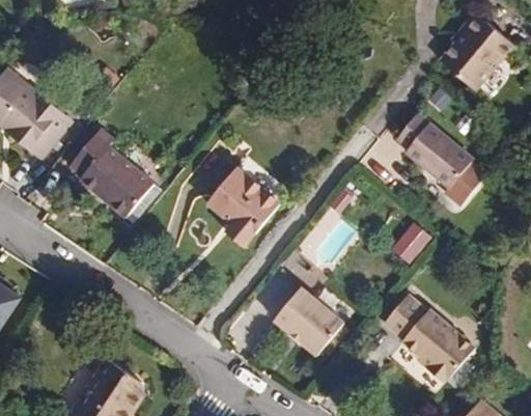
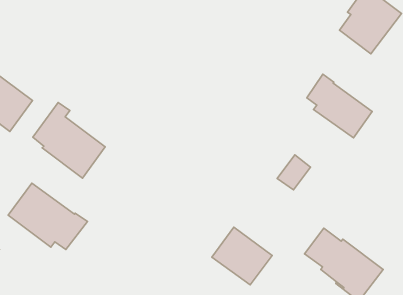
building: [206,167,280,248] -> none
building: none -> [8,183,87,250]
building: [391,222,431,264] -> [277,155,310,190]

